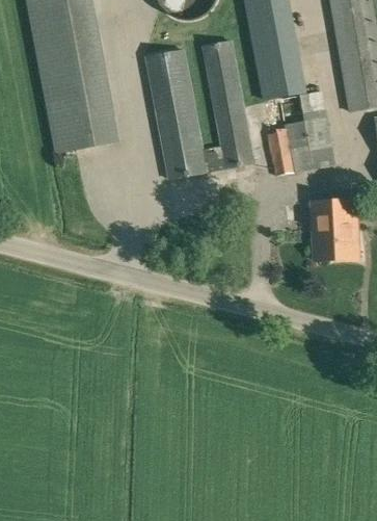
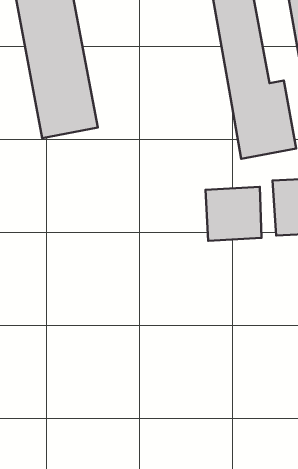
building: [144,38,254,179] -> none
building: none -> [206,187,261,241]

